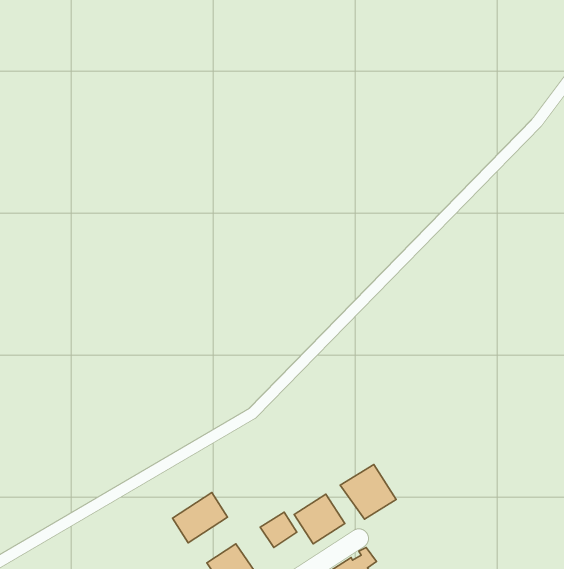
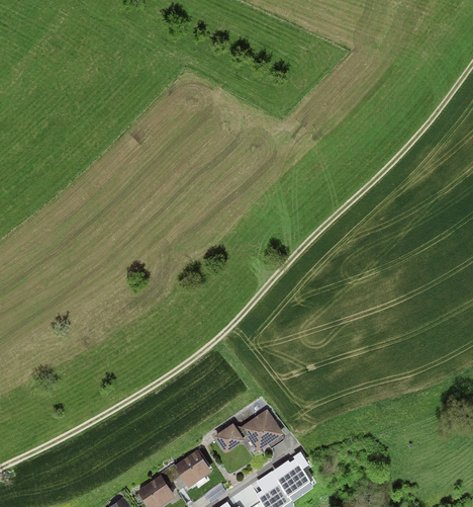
building: [340,465,396,519] -> none
building: [173,492,228,543] -> none

